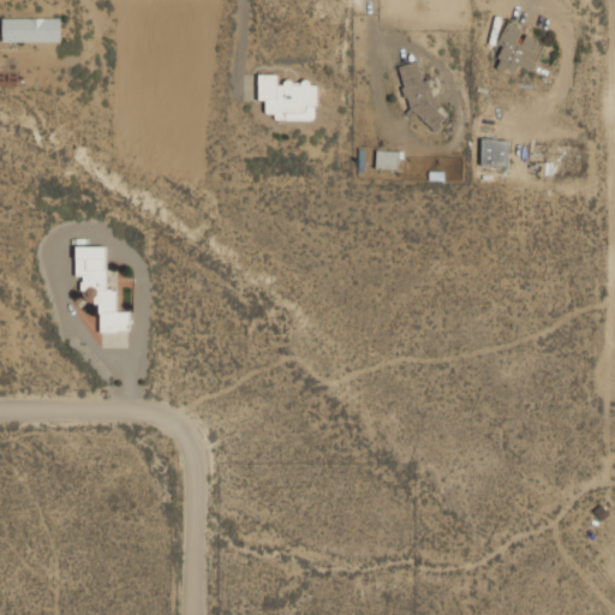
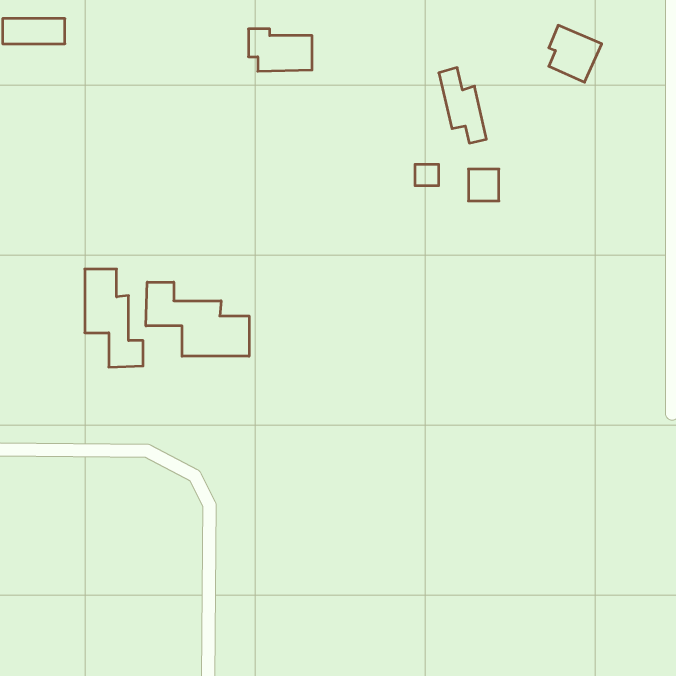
building: [258,77,316,115] -> [248,29,312,71]
building: [480,138,508,167] -> [468,169,499,201]
building: none -> [146,282,249,356]

